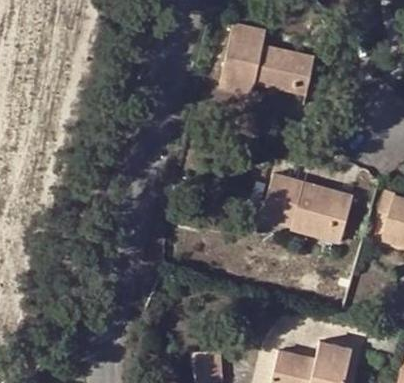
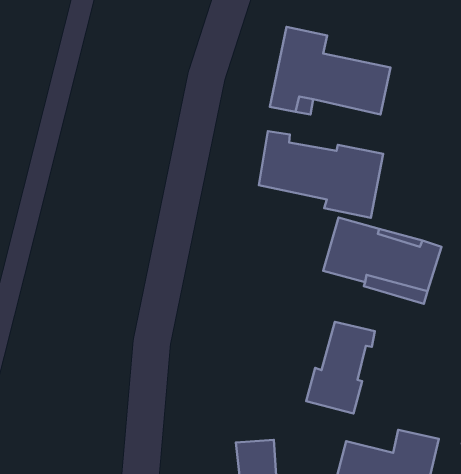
building: none -> [259,131,383,218]
building: none -> [306,322,375,414]

